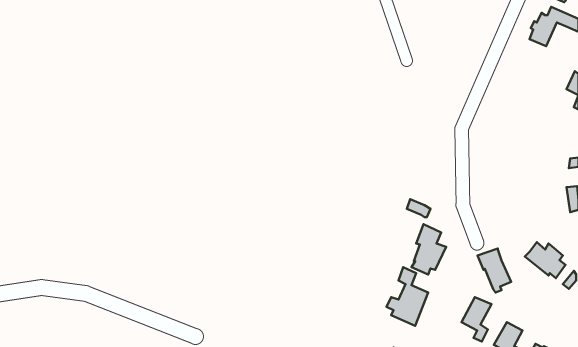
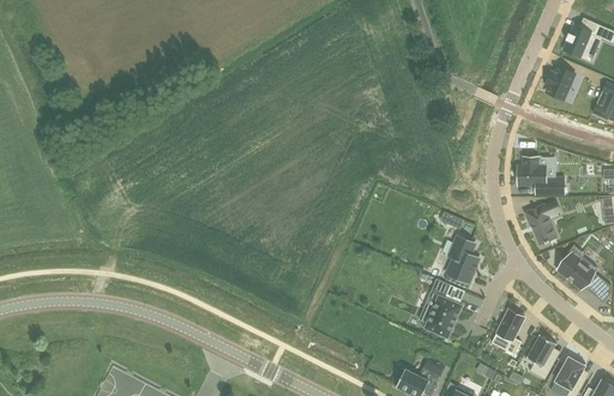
building: none -> [544,66,574,100]
building: none -> [517,157,564,193]
building: [478,248,511,293] -> [523,204,556,248]

